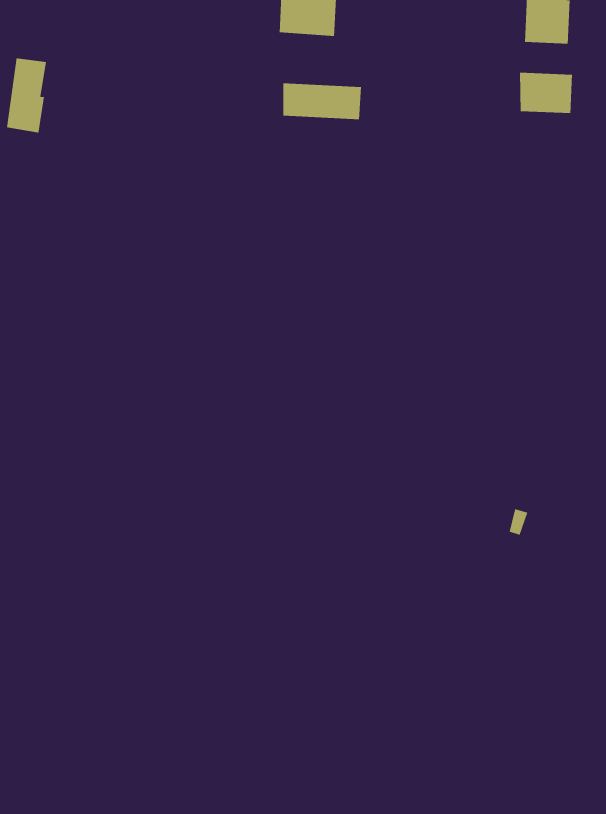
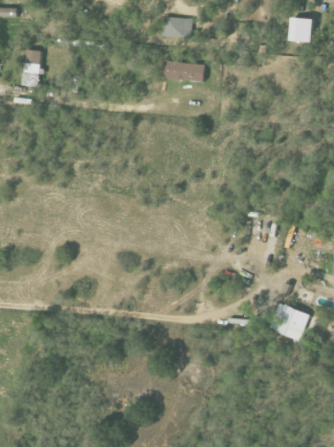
building: [520,72,572,114] -> none
building: none -> [273,305,308,340]

